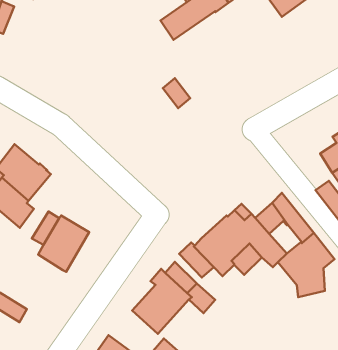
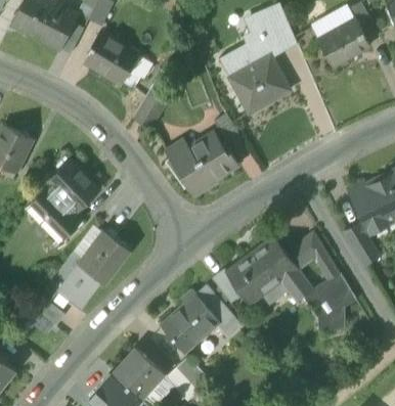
building: none -> [85,32,140,86]
building: none -> [229,55,291,114]
building: none -> [133,86,168,126]
building: none -> [165,133,237,198]
building: none -> [58,264,101,309]

